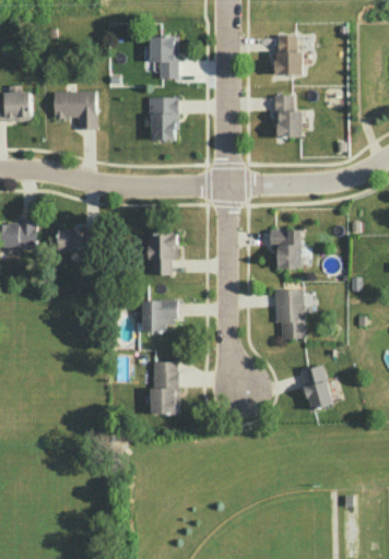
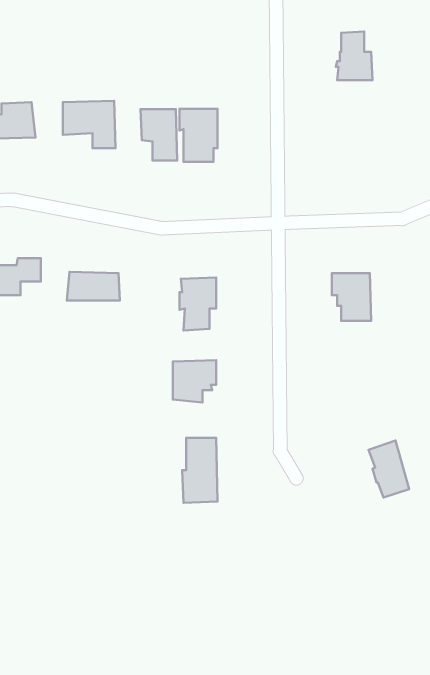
building: [149,36,178,78] -> [140,109,177,161]
building: [273,95,302,138] -> none
building: [274,289,305,338] -> none

